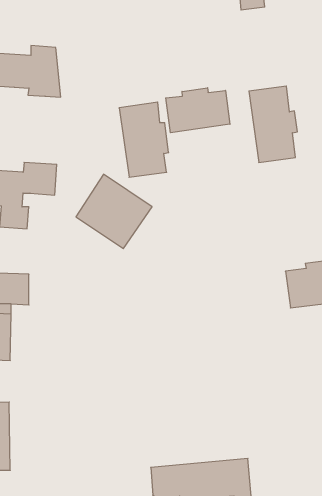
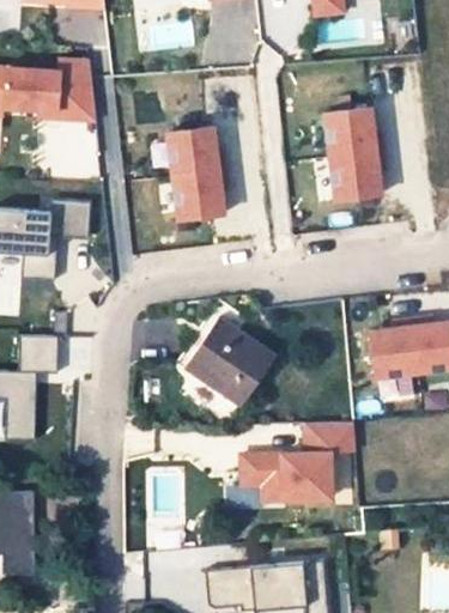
building: [166,88,230,133] -> none
building: [76,174,152,249] -> [183,317,275,407]
building: none -> [241,421,354,499]

